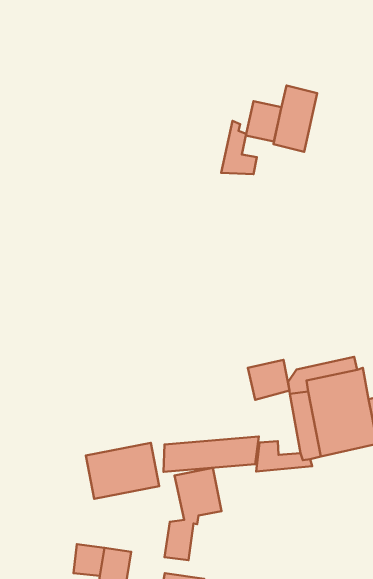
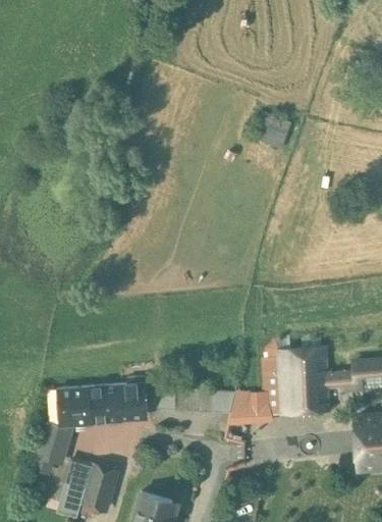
building: [273,86,317,152] -> none
building: [221,121,257,174] -> none
building: [248,360,289,400] -> none
building: [165,468,221,560] -> [41,386,93,460]

